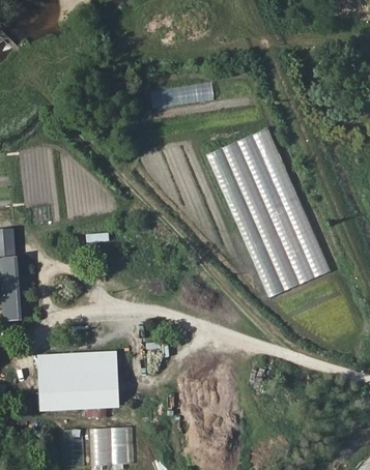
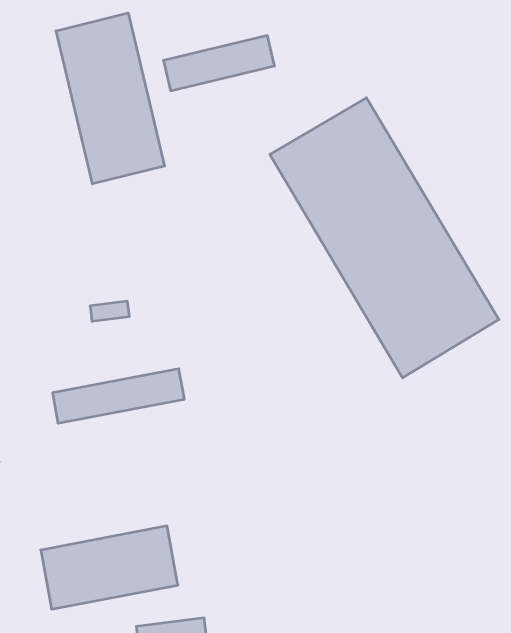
building: none -> [56,13,165,184]
building: [37,351,116,375] -> [53,369,184,423]

